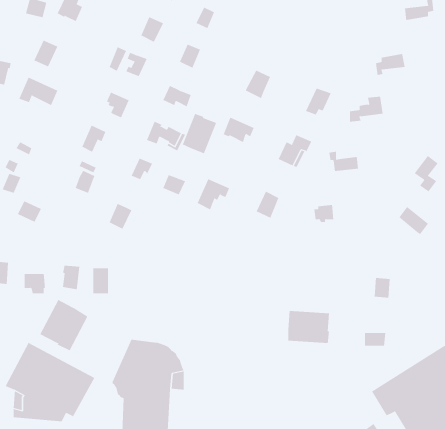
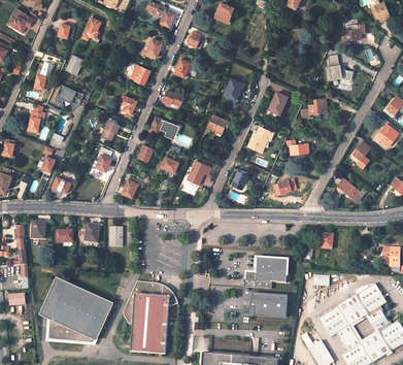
building: [182,113,217,154] -> none
building: [40,299,88,351] -> none
building: none -> [250,294,286,318]

